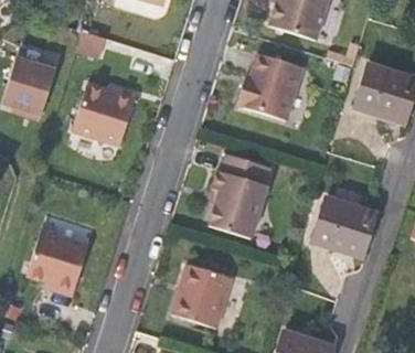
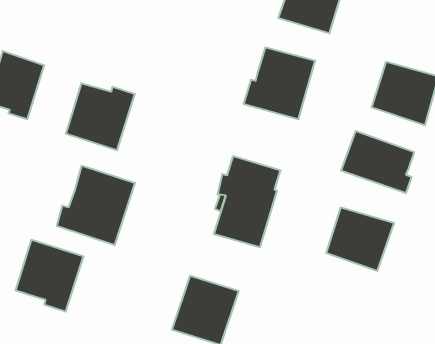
building: none -> [341,131,414,193]
building: none -> [57,166,135,245]

